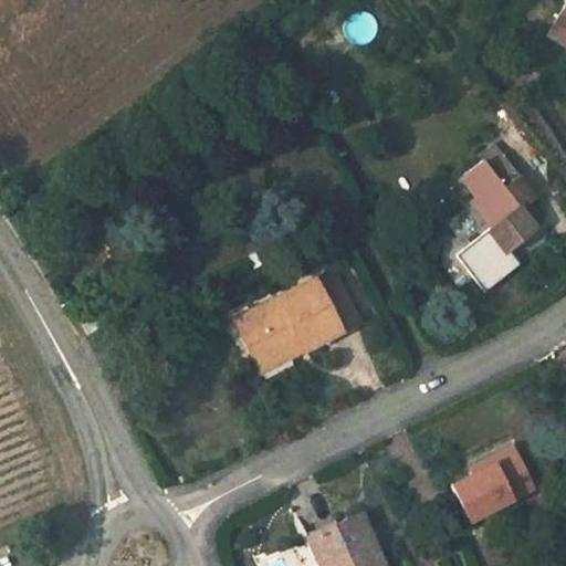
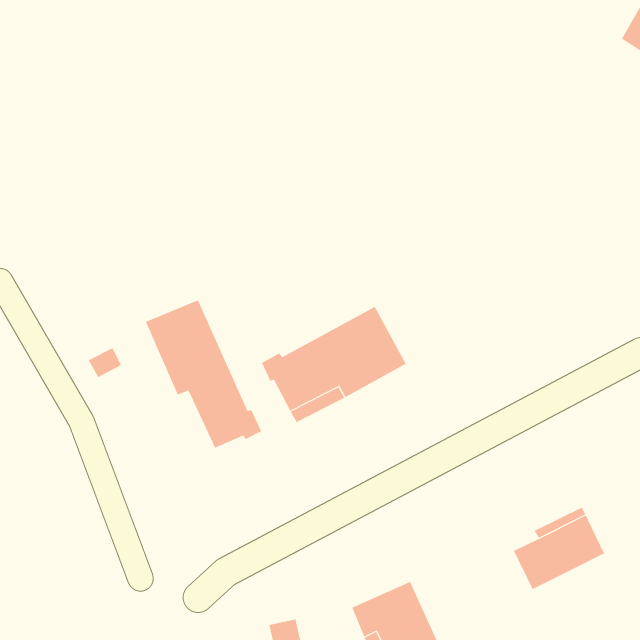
building: [453,143,539,292] -> none
building: none -> [145,299,262,449]

